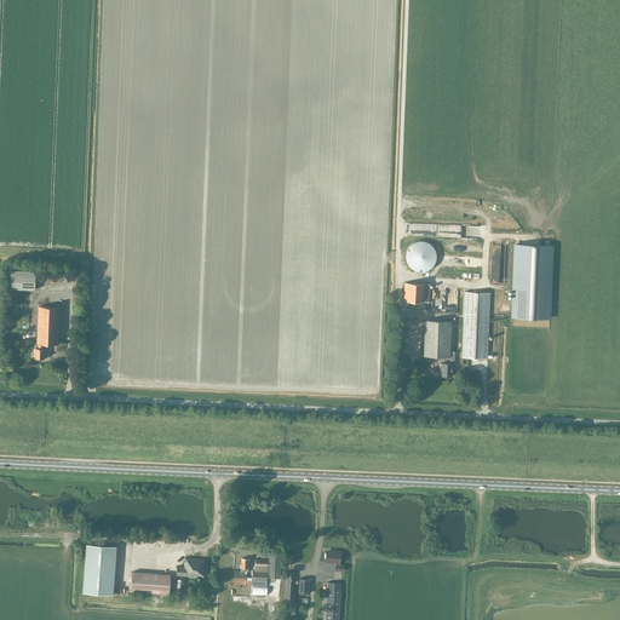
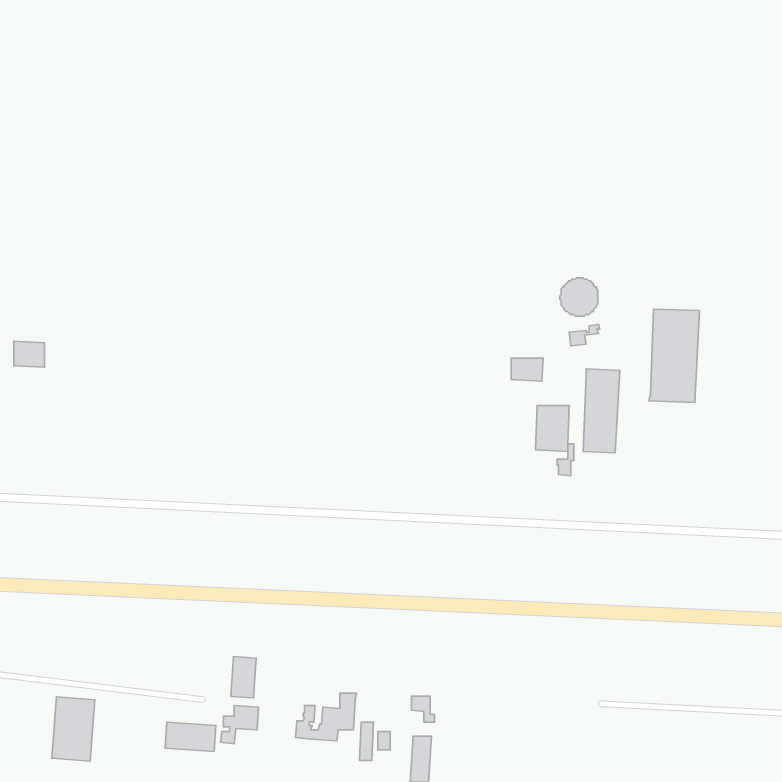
building: [406,241,436,271] -> [560,278,598,316]
building: [35,306,61,360] -> none
building: none -> [231,657,256,698]
building: [82,544,116,595] -> [52,697,95,761]

